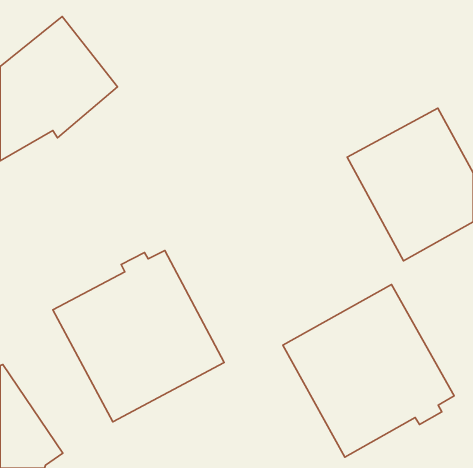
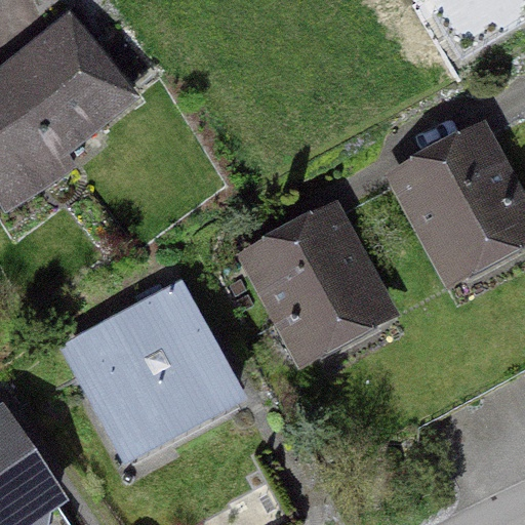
building: none -> [237,200,400,370]
building: [283,284,454,457] -> none

